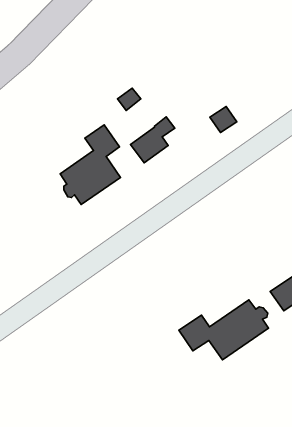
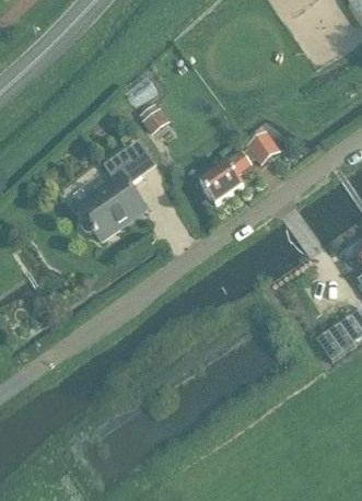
building: [131,117,175,163] -> [200,149,250,201]
building: [179,300,268,360] -> none

